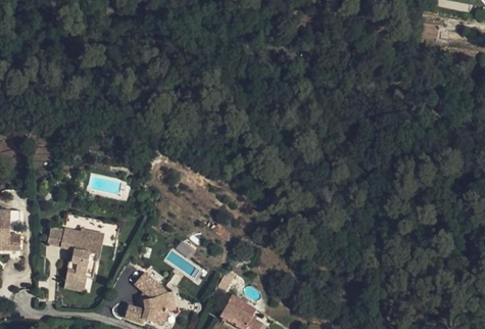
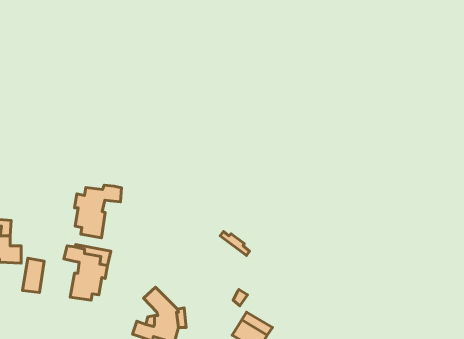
building: none -> [75,185,122,238]
building: none -> [23,258,44,293]

